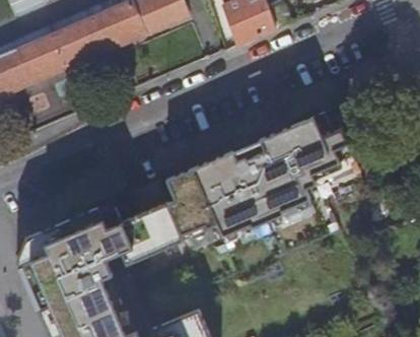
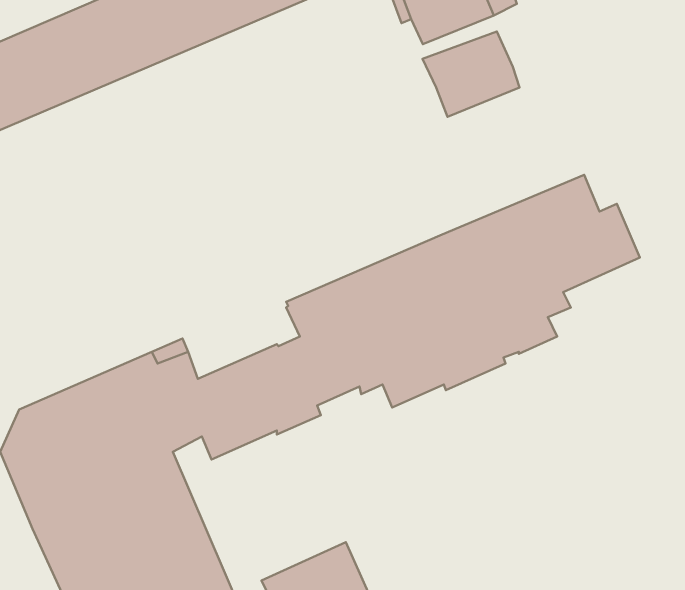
building: none -> [422,32,520,117]

